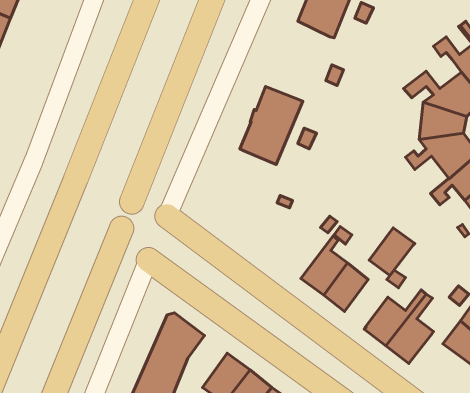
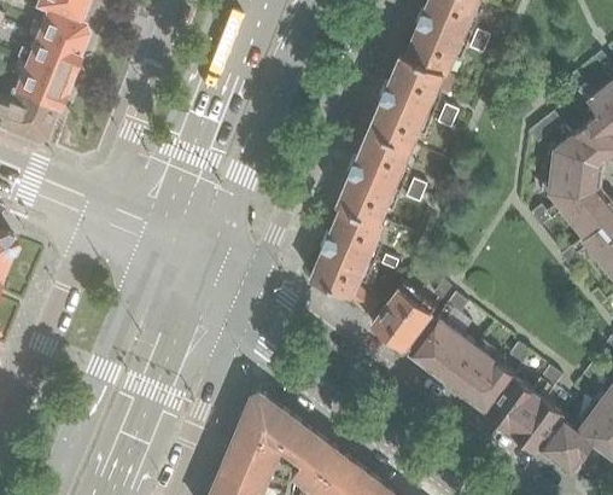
building: none -> [369,52,444,147]
building: none -> [313,205,385,318]
building: none -> [372,289,432,350]
building: [369,228,415,276] -> [461,355,514,410]
building: none -> [539,419,594,473]
building: none -> [279,420,325,481]

